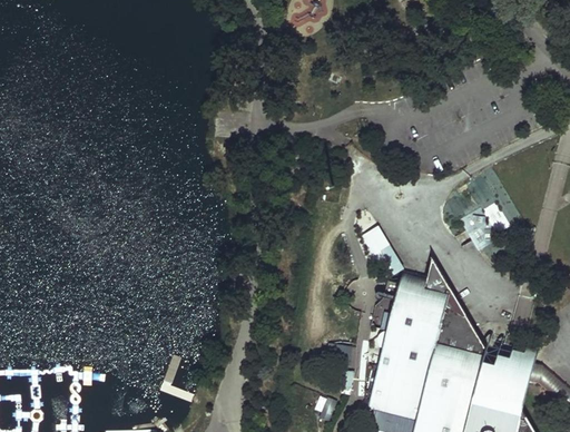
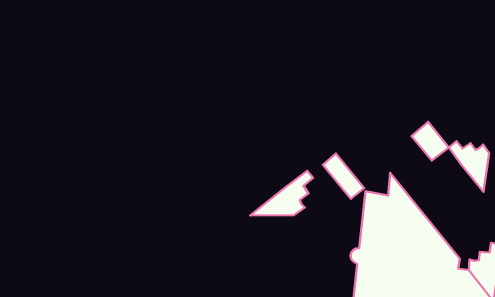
building: none -> [449,141,489,192]
building: none -> [250,171,313,216]

